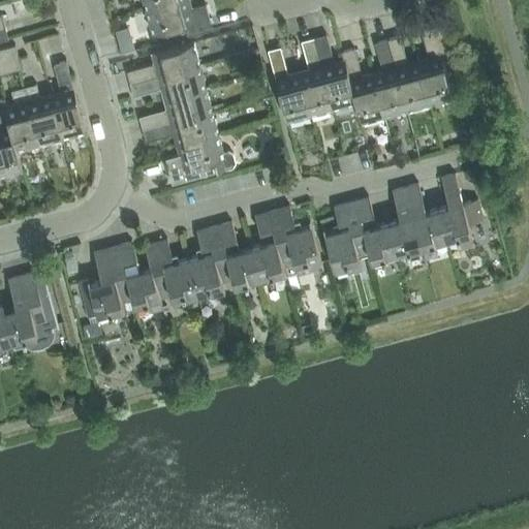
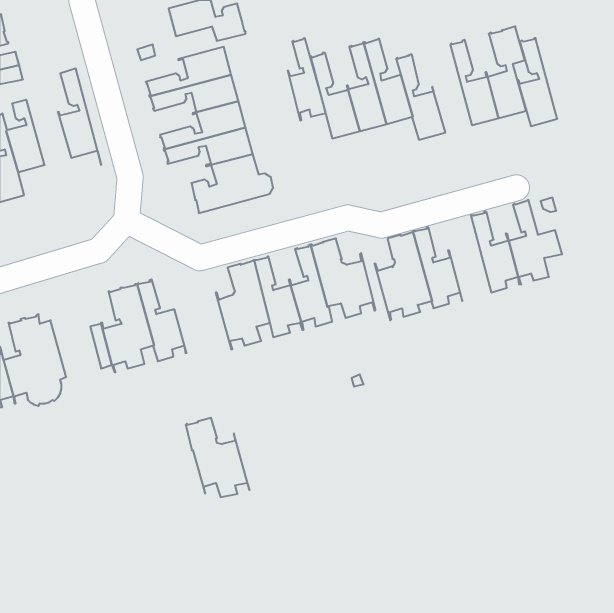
building: none -> [288,38,326,121]
building: [371,40,405,116] -> [518,38,557,126]
building: [23,85,61,144] -> none
building: [385,187,422,259] -> none
building: [144,240,198,308] -> [186,418,250,497]

